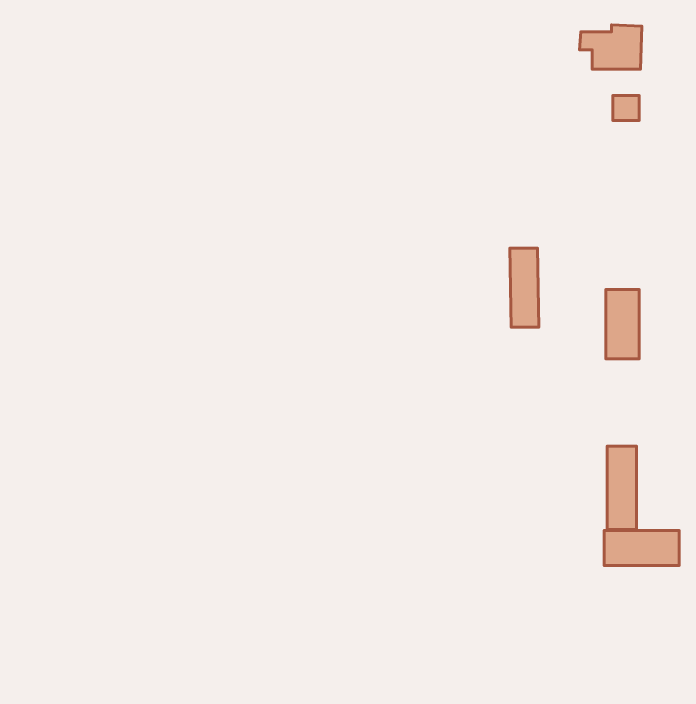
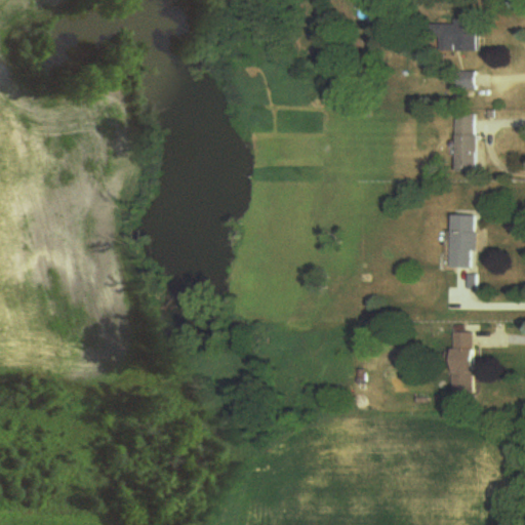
building: [510,248,539,327] -> [451,113,473,171]
building: [604,530,679,565] -> none

